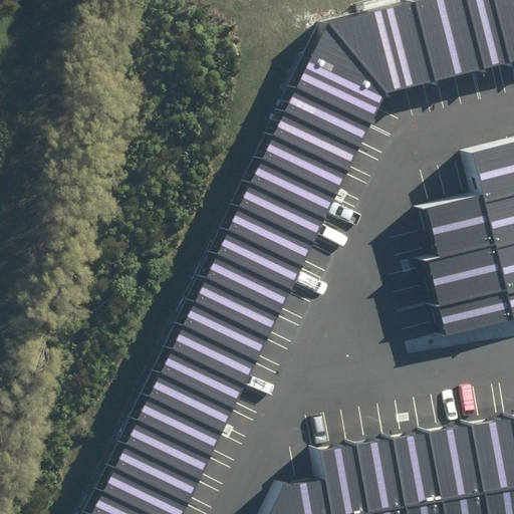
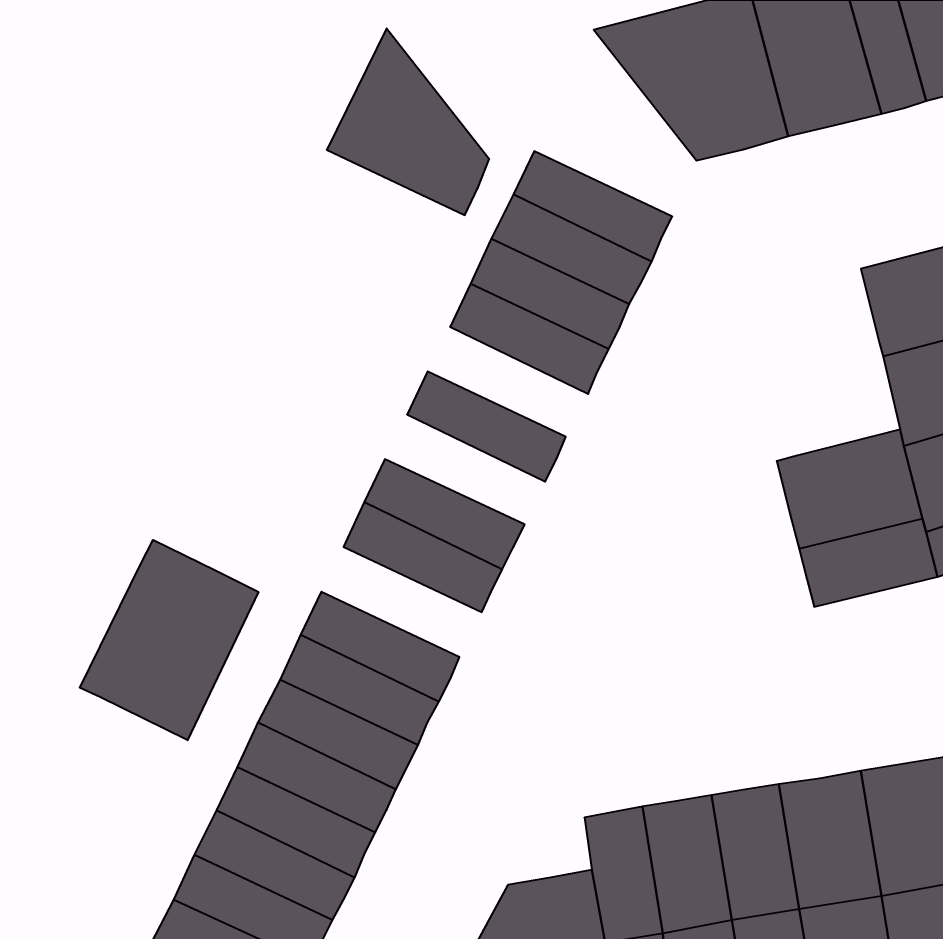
building: [293,24,380,124] -> [327,28,489,215]
building: [236,184,322,243] -> none
building: [423,193,490,253] -> none
building: [213,231,299,290] -> none
building: none -> [80,540,258,740]
building: [179,302,265,361] -> none

